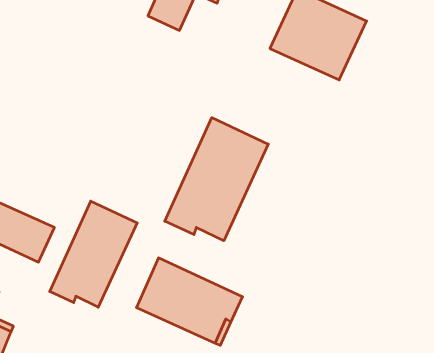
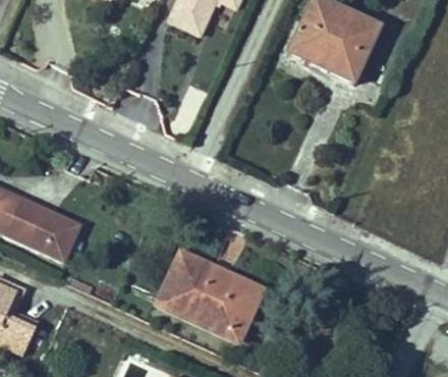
building: [165,118,268,241] -> none
building: [50,201,137,307] -> none

